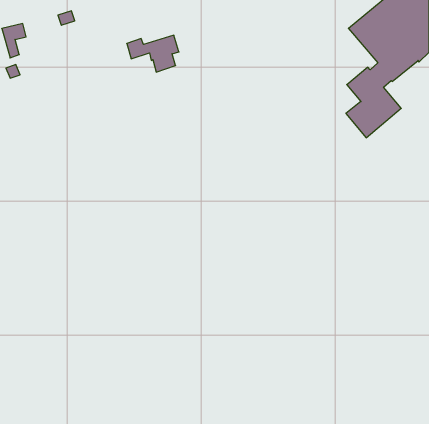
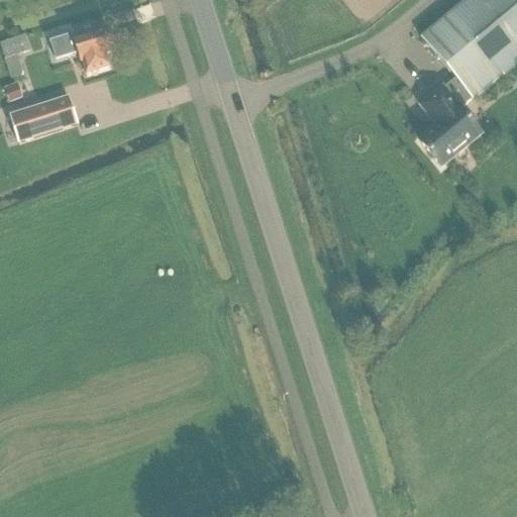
building: [127,35,179,72] -> [50,27,113,72]
building: none -> [10,94,77,139]

